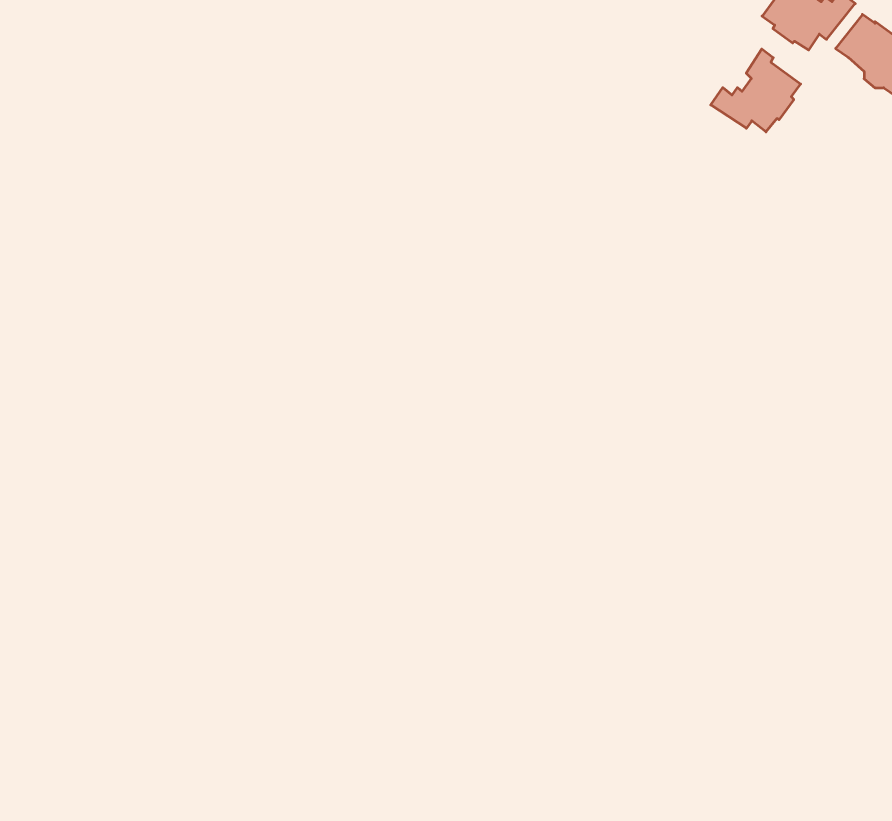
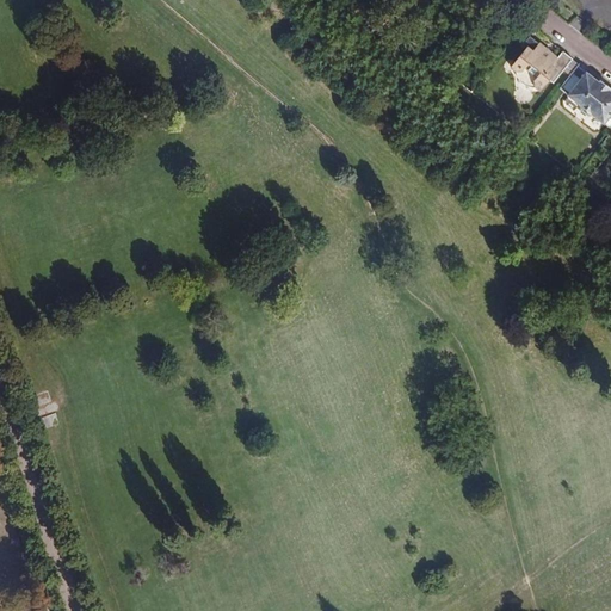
building: [711,49,801,132] -> none

